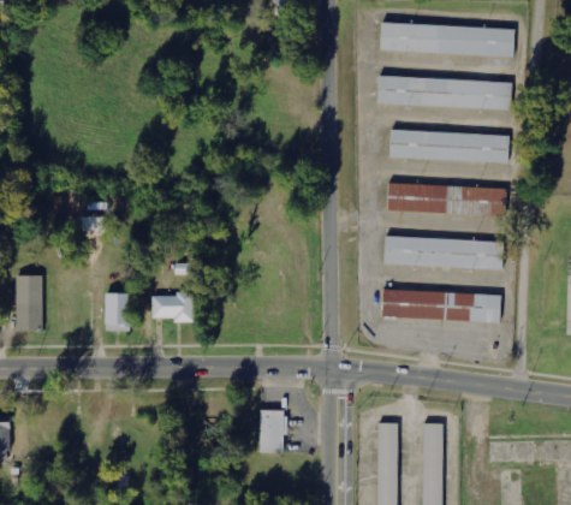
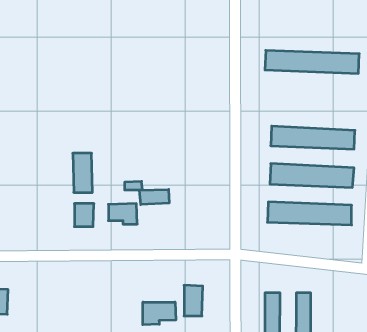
building: [379,23,513,55] -> none
building: [388,130,508,162] -> none
building: none -> [140,189,169,205]
building: [18,274,46,329] -> [73,153,92,192]
building: none -> [143,302,176,325]

